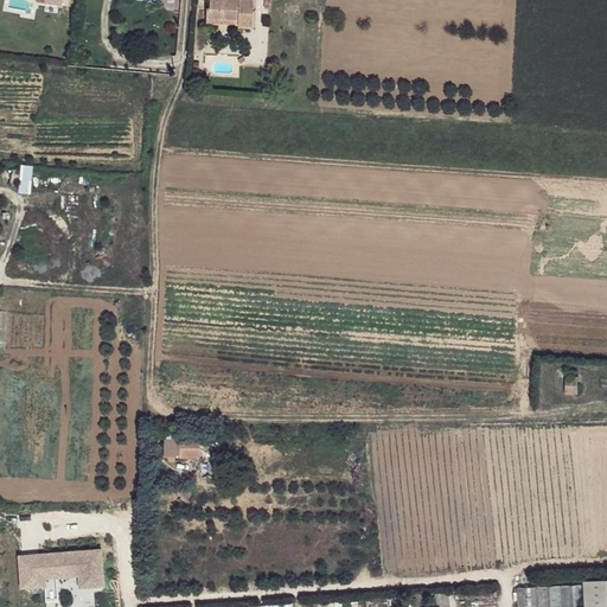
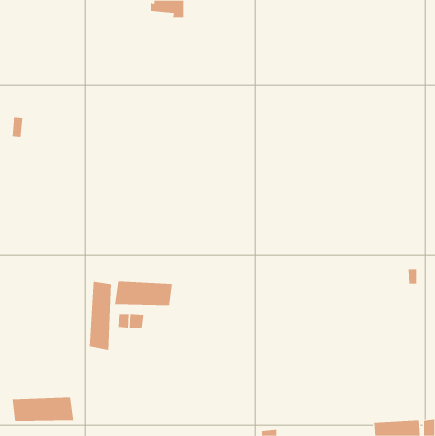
building: none -> [115,280,172,306]
building: none -> [89,281,111,351]

